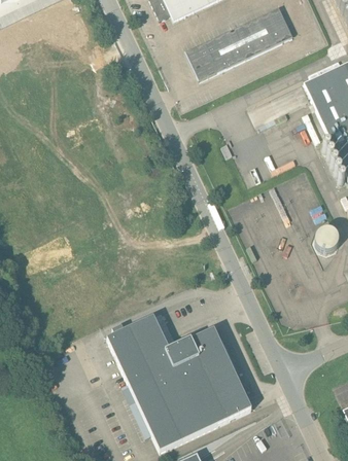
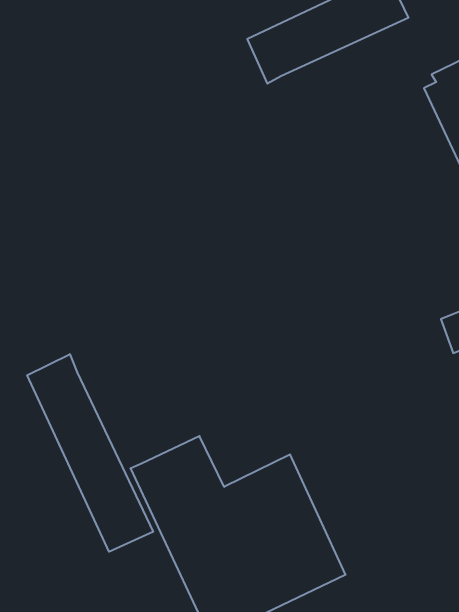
building: none -> [27,354,153,552]

